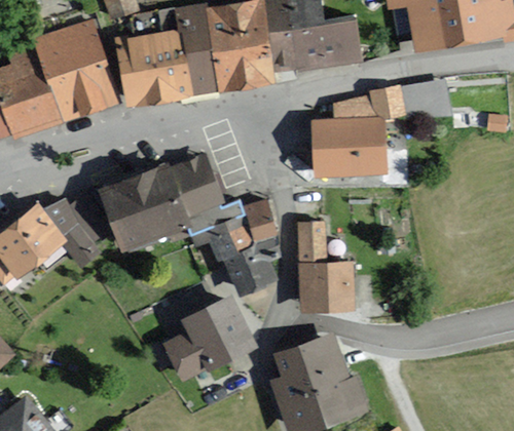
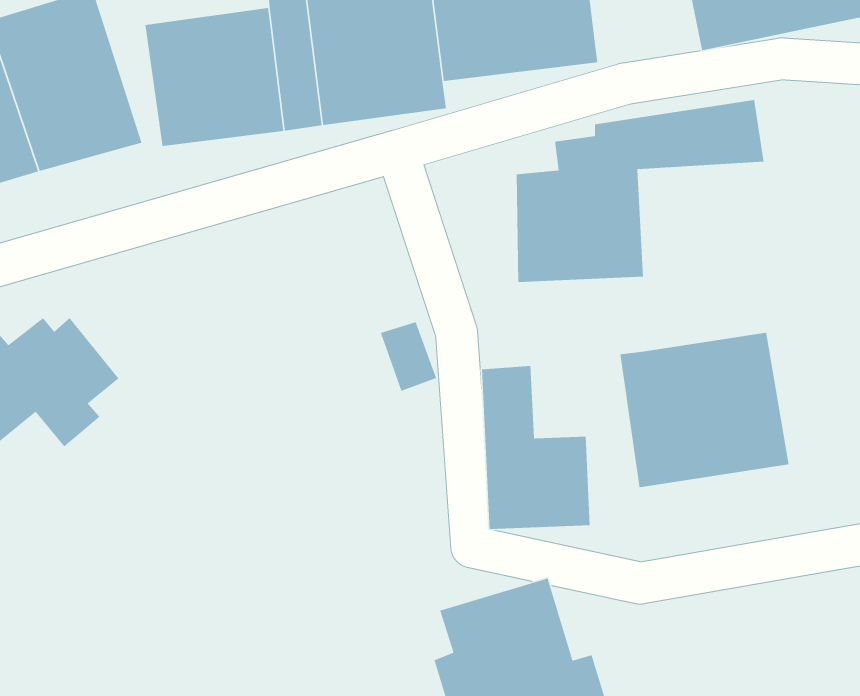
building: [101,157,273,296] -> none
building: none -> [619,332,790,488]
building: [167,295,255,376] -> none

